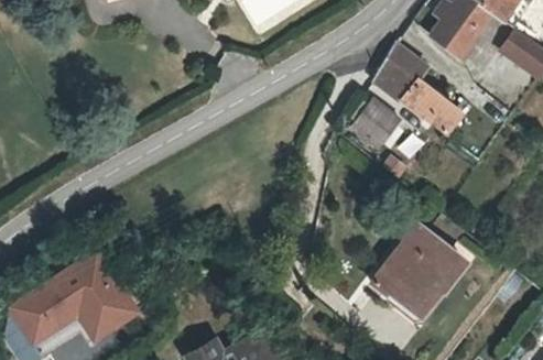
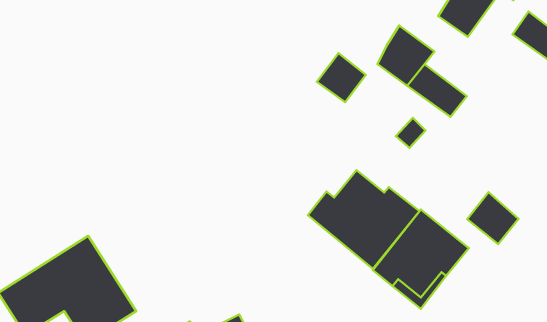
building: [355,101,402,149] -> [317,53,366,102]
building: none -> [308,170,419,269]
building: none -> [467,192,518,244]

